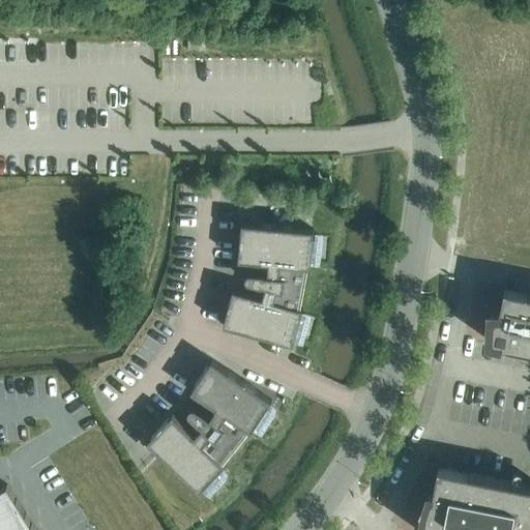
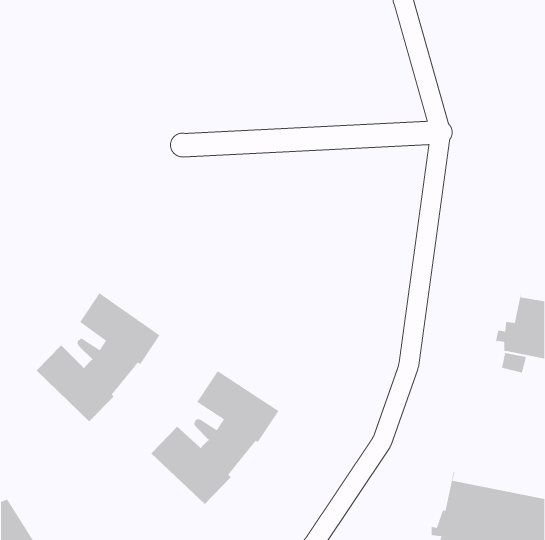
building: [223,227,314,348] -> none
building: none -> [36,292,161,422]

